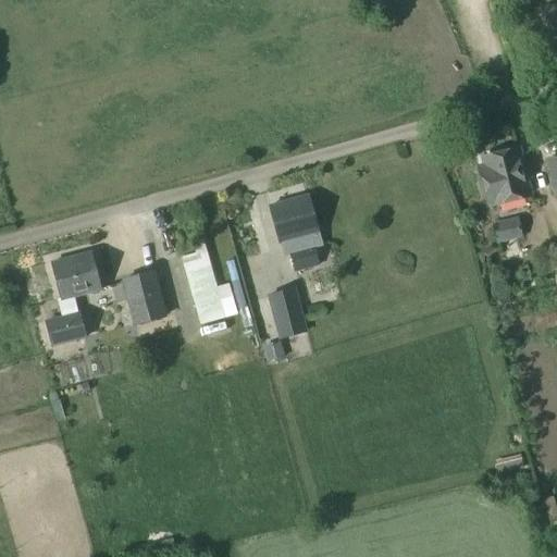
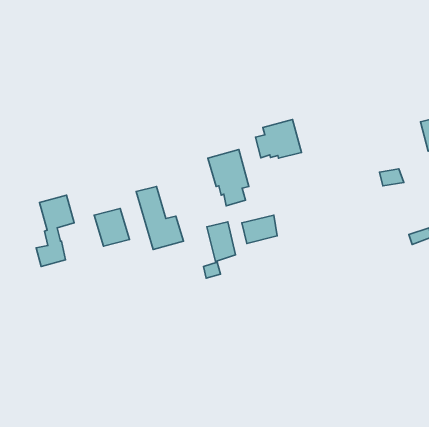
building: [480,148,528,202] -> none
building: none -> [256,120,302,158]
building: none -> [242,215,277,244]

